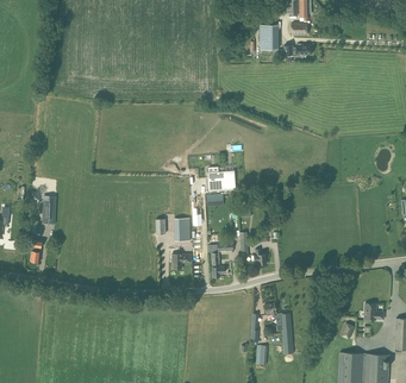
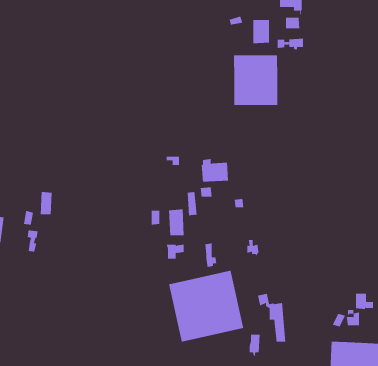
building: none -> [234,55,278,106]
building: none -> [169,270,244,343]

